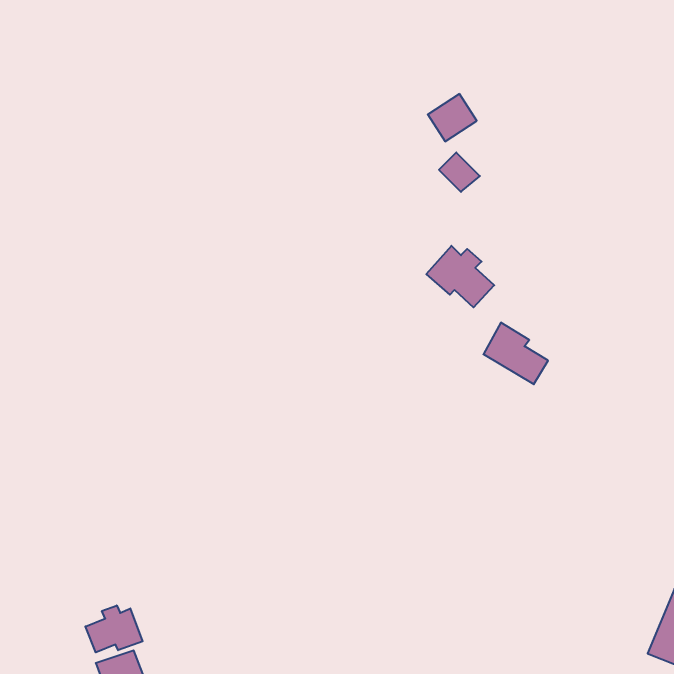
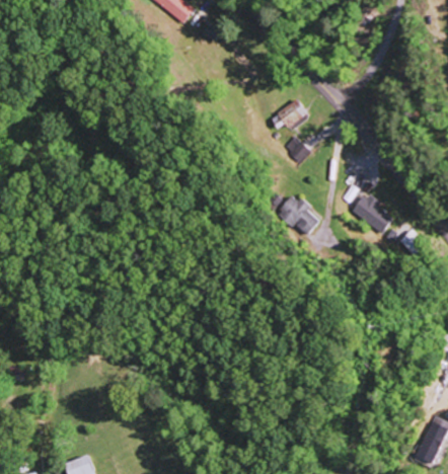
building: [483,323,548,384] -> [351,192,392,232]
building: [85,605,143,652] -> none

